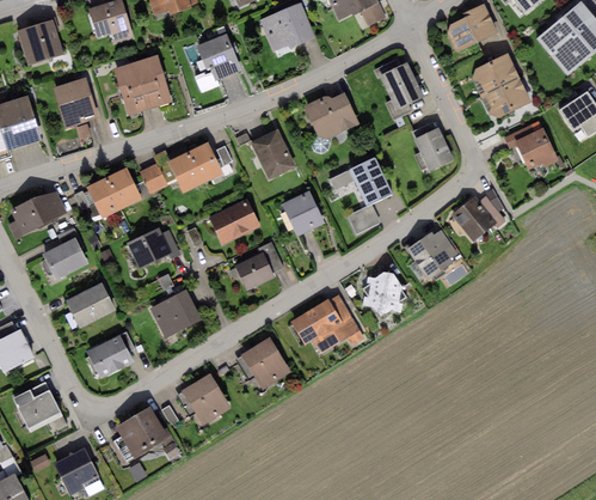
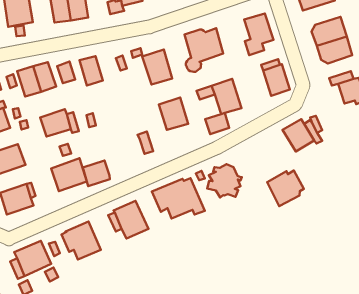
building: [188,141,222,182] -> none
building: [208,197,259,244] -> none
building: [406,230,456,280] -> [267,171,304,206]
building: [234,252,272,289] -> [83,161,110,186]

